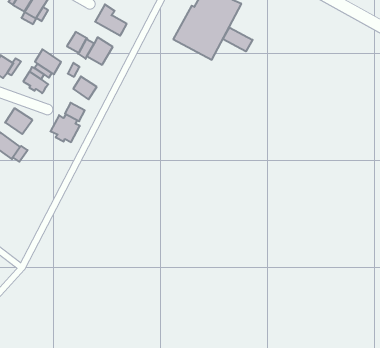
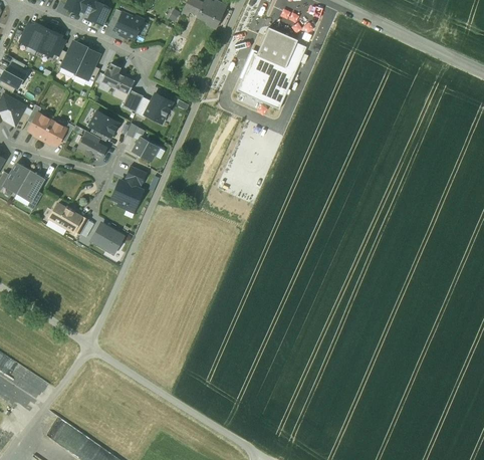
building: [95,4,127,36] -> [100,61,135,93]
building: [223,27,253,51] -> none
building: [5,108,32,134] -> [92,225,122,252]

